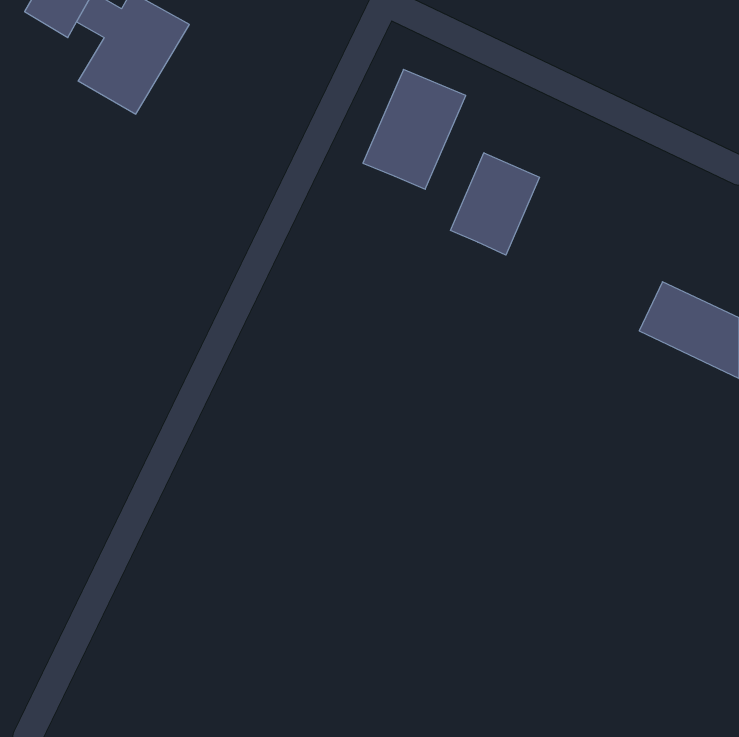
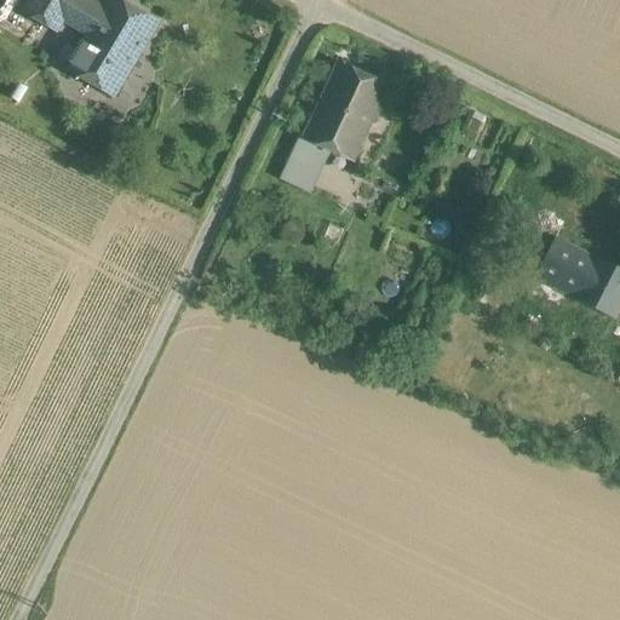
building: [450,153,539,255] -> none
building: none -> [286,137,331,190]

